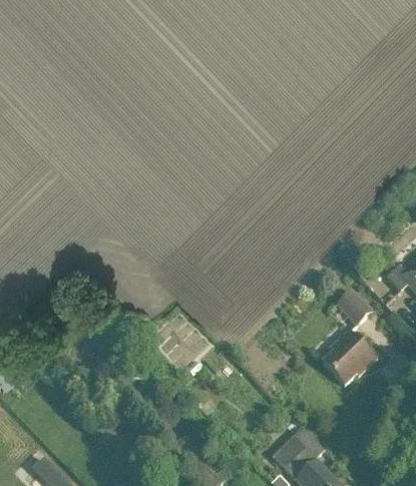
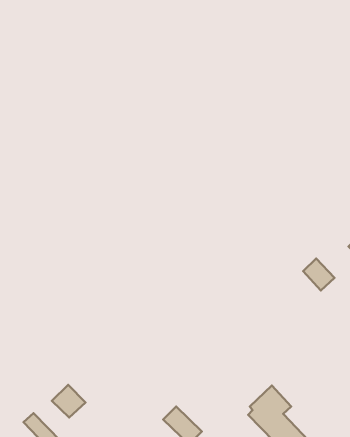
building: [323,329,376,383] -> none
building: none -> [52,385,85,418]

